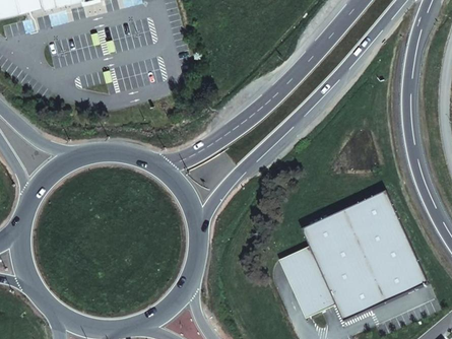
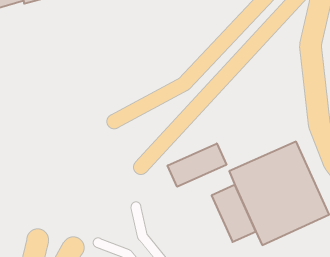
building: none -> [168,143,226,187]

